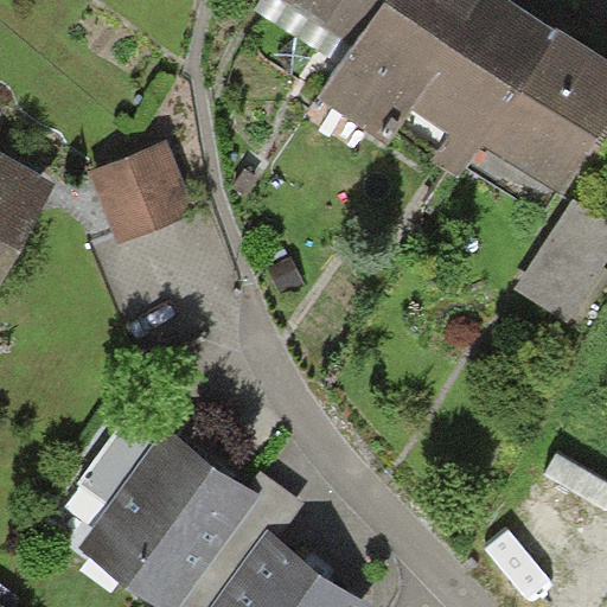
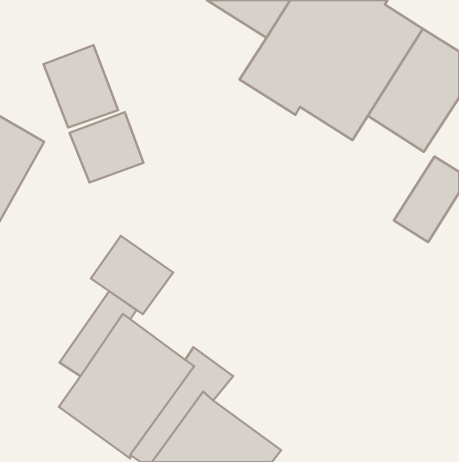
building: none -> [44,45,118,128]
building: none -> [91,236,173,314]

